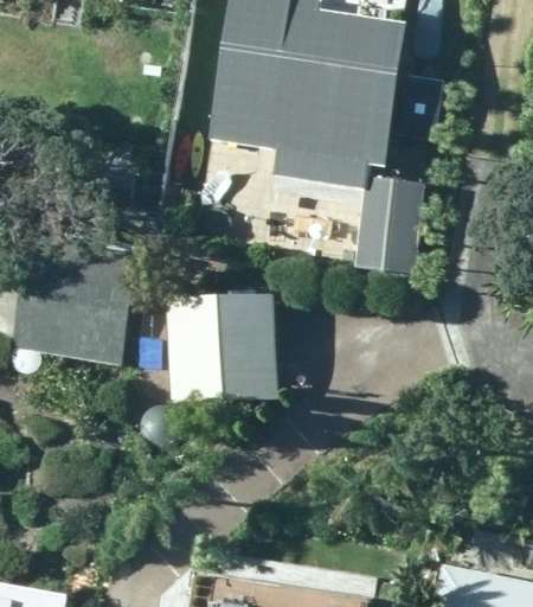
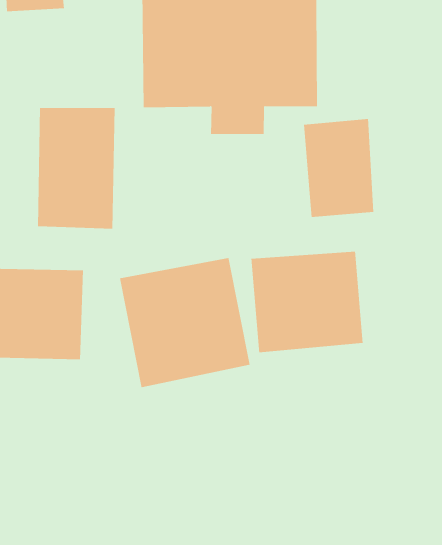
building: none -> [38,107,115,230]
building: none -> [251,251,363,353]

